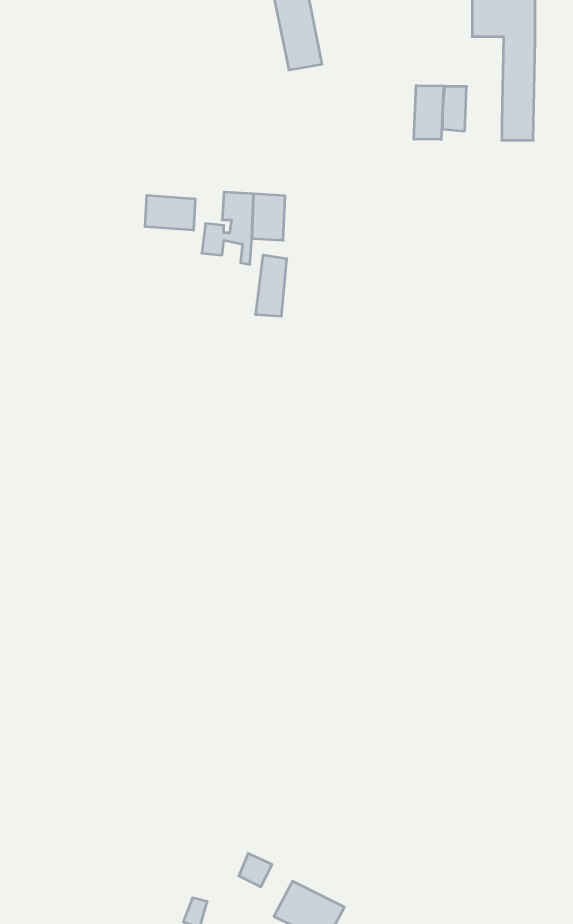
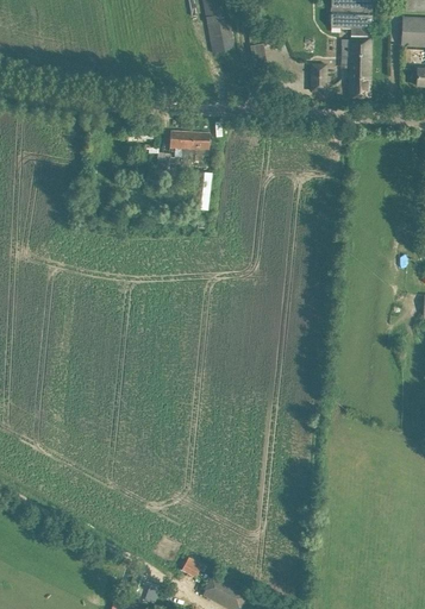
building: [414,85,444,140] -> none
building: [145,195,195,230] -> none

